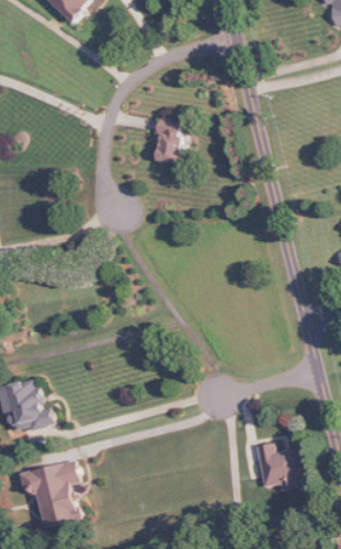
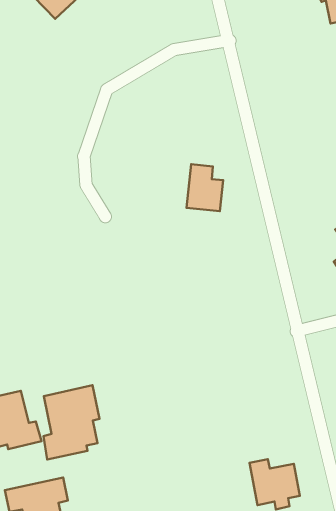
building: [154,118,189,163] -> [187,164,223,211]
building: none -> [44,385,100,459]

